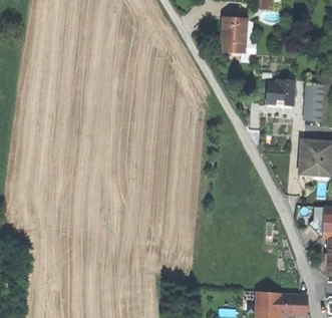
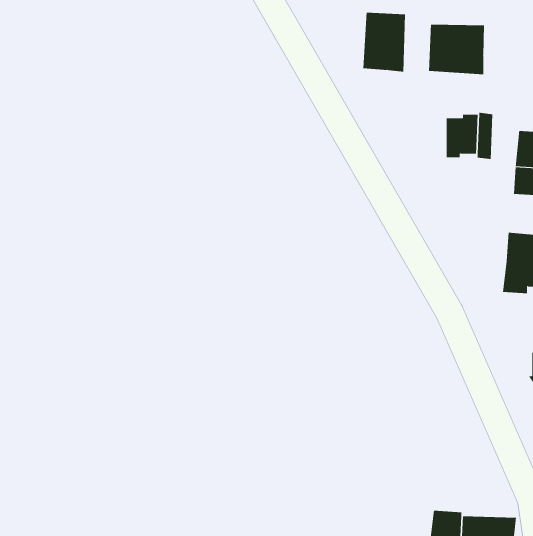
building: none -> [428,24,484,75]

